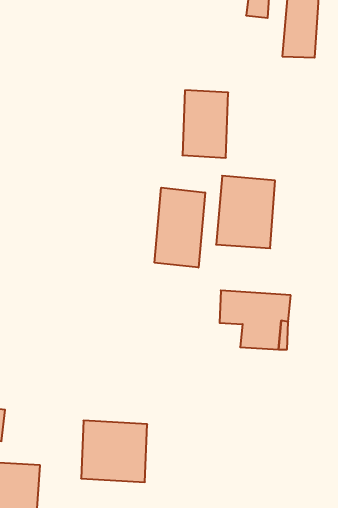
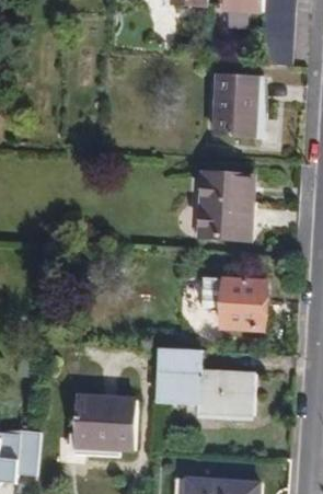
building: [182,90,228,158] -> [215,76,256,137]
building: [155,188,205,268] -> none
building: none -> [153,348,254,416]

